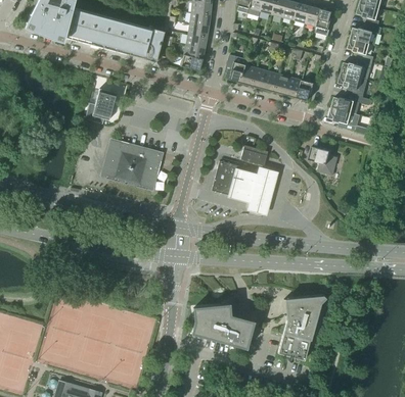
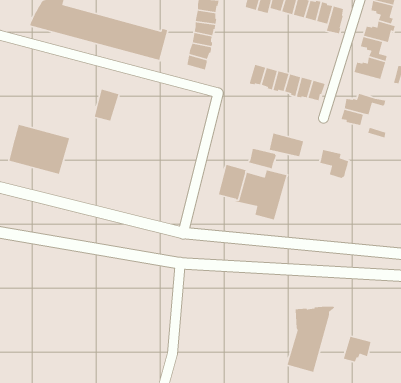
building: [225,54,249,82] -> none
building: [339,72,368,97] -> none
building: none -> [269,133,304,157]
building: [102,140,162,189] -> [8,124,70,175]
building: [191,304,254,348] -> none
building: none -> [343,336,372,363]

